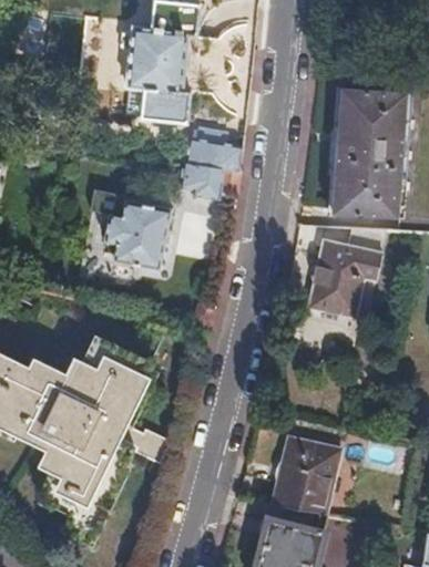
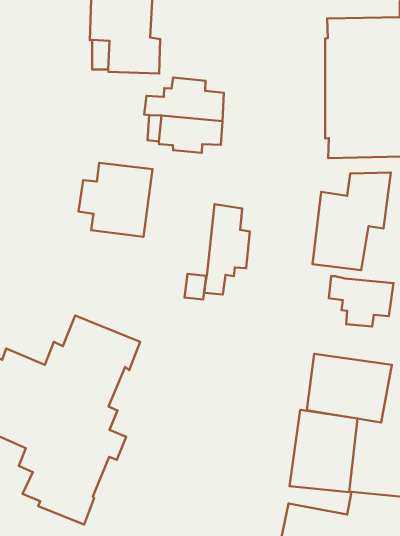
building: none -> [204,204,250,294]
building: none -> [329,276,394,326]
building: none -> [307,354,392,422]

